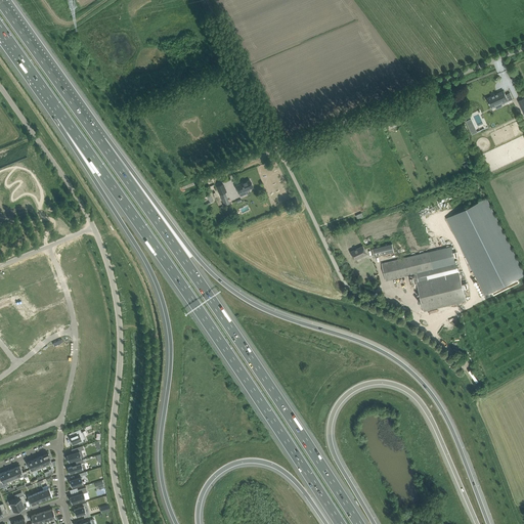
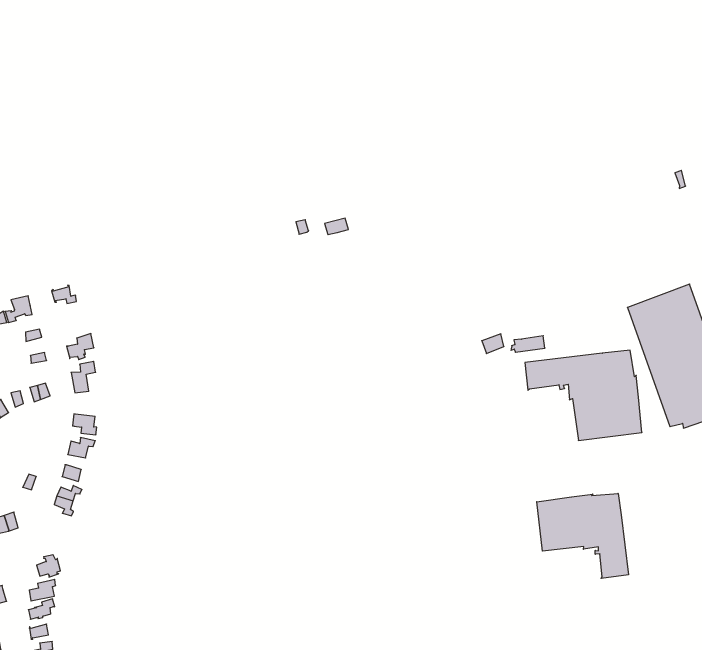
building: none -> [537,493,628,578]

